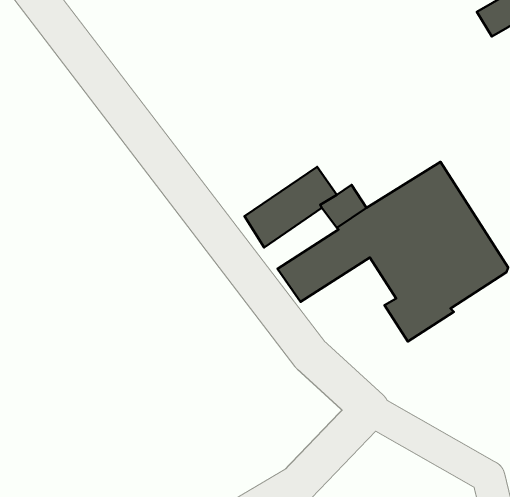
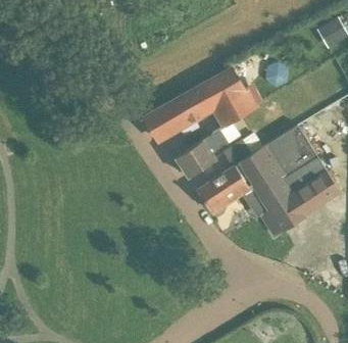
building: none -> [144,70,254,141]

